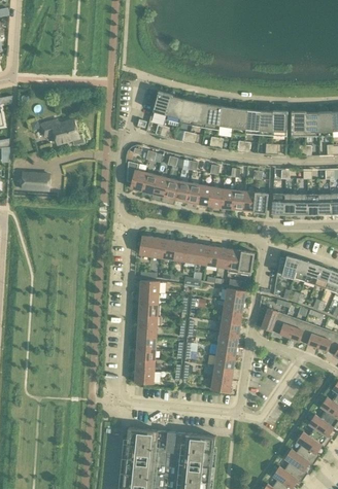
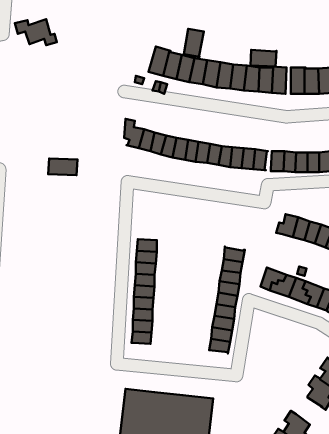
building: none -> [184,29,204,57]
building: none -> [250,50,276,67]
building: [42,119,83,145] -> [15,19,57,45]
building: [21,173,49,189] -> [48,159,77,175]
building: [138,235,253,275] -> none
building: [296,431,322,464] -> none

